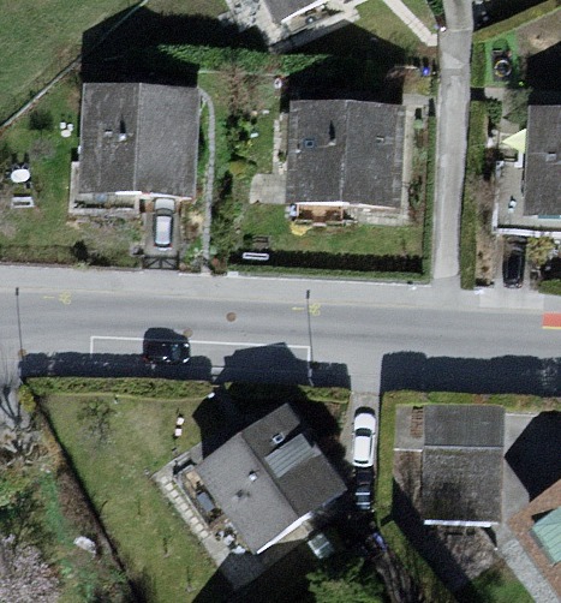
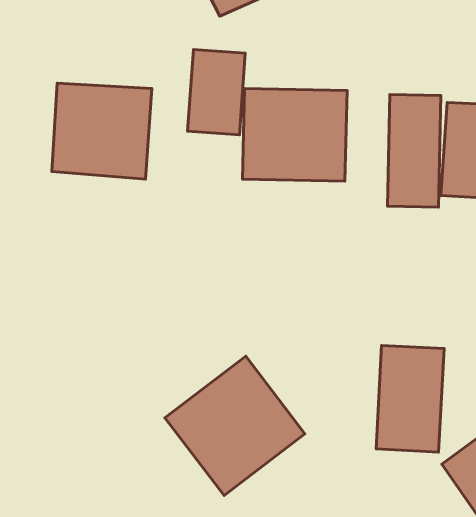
building: none -> [188,49,245,135]
building: none -> [387,94,441,207]

